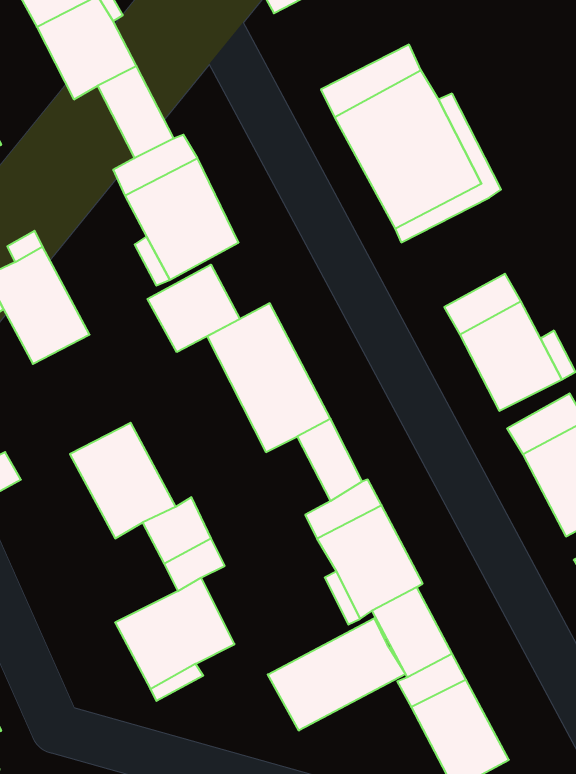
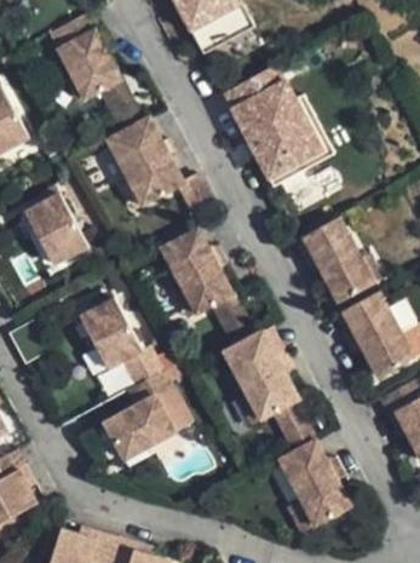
building: [147,265,240,352] -> none
building: [268,618,405,731] -> none

